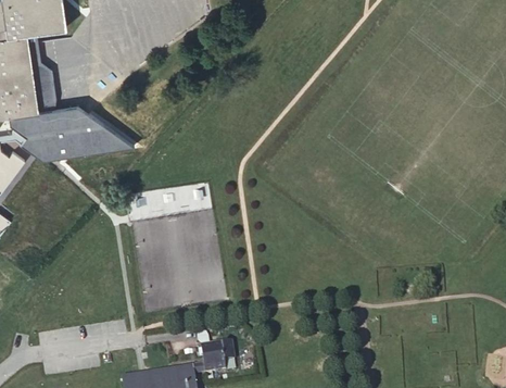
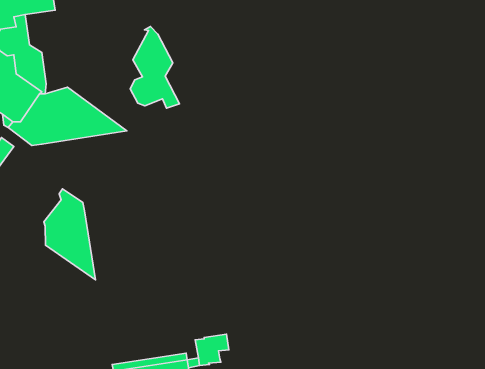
building: none -> [130,27,179,108]
building: none -> [44,189,95,280]

